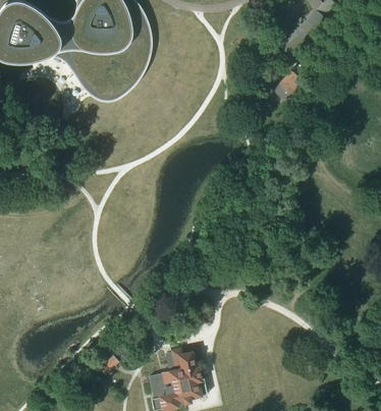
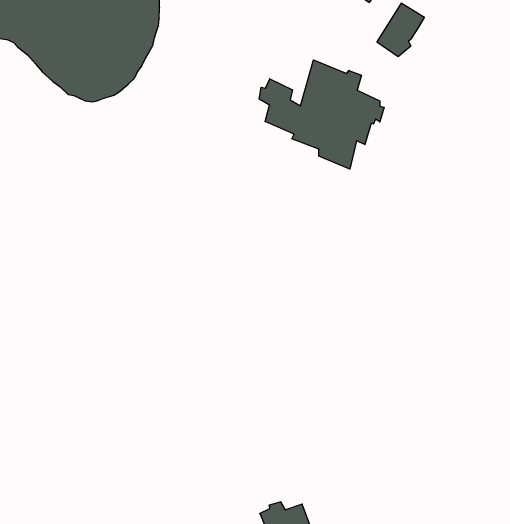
building: none -> [259,60,384,169]

